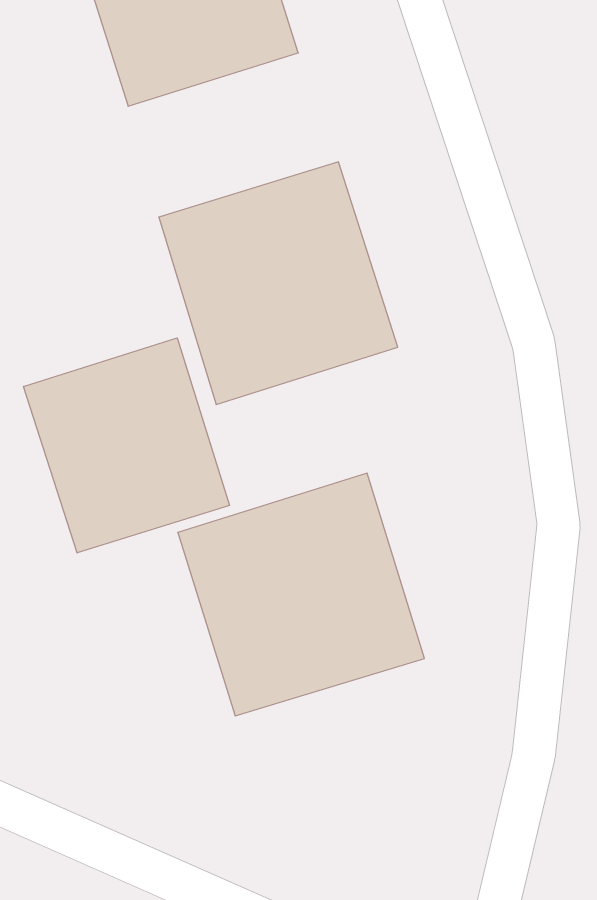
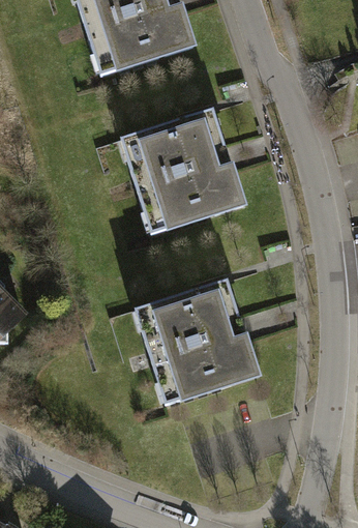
building: [24,338,229,553] -> none

